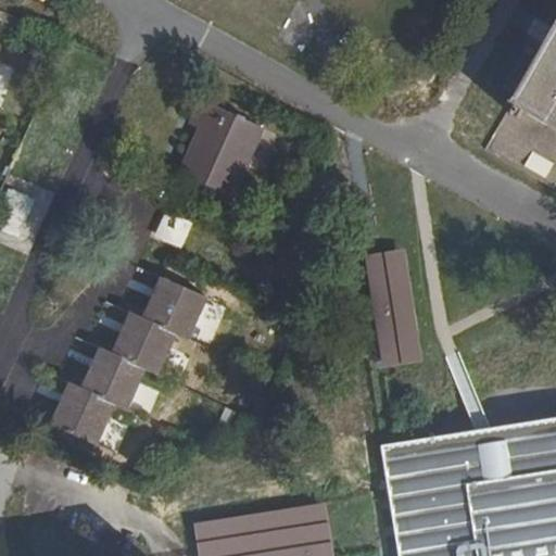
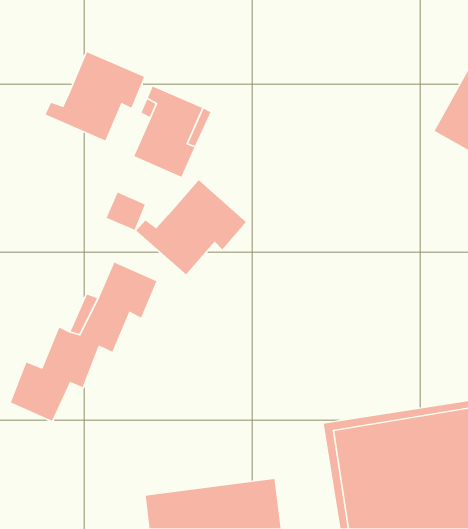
building: none -> [45,51,145,141]
building: none -> [135,179,247,276]
building: [364,248,421,366] -> none

